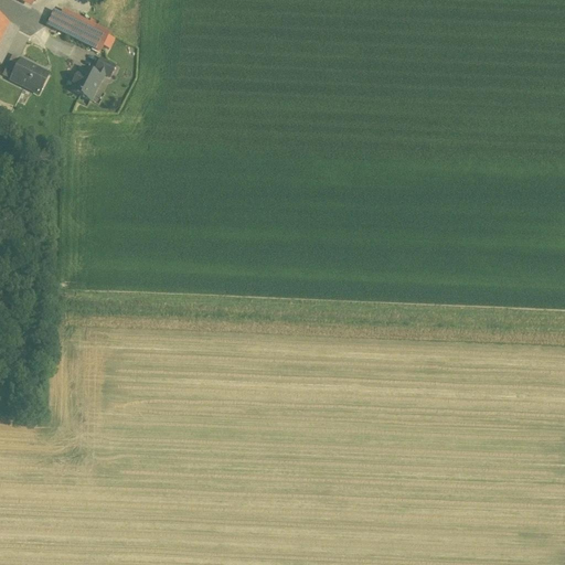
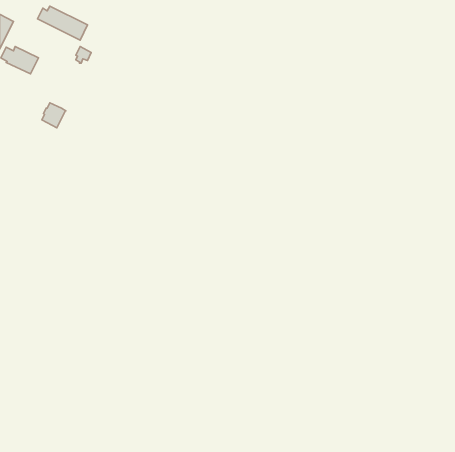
building: [70,67,99,98] -> [42,103,66,128]

